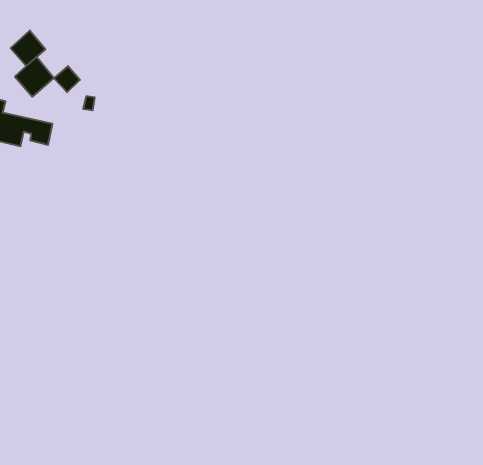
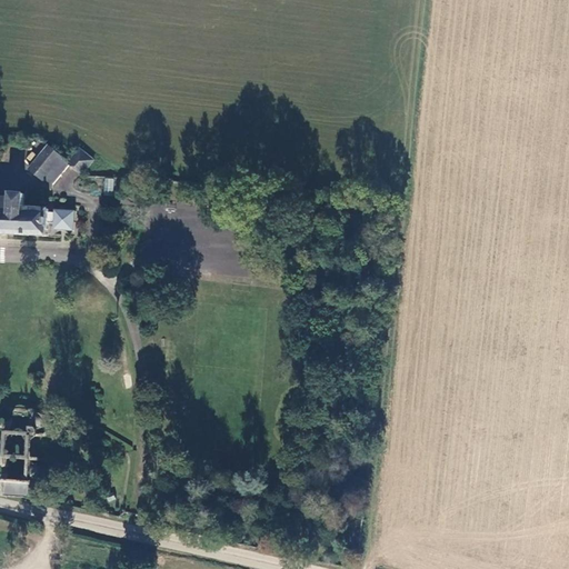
building: [11,30,45,66] -> none

